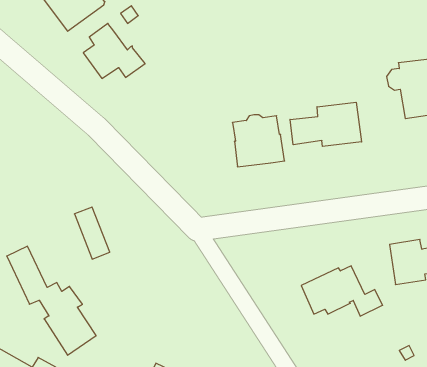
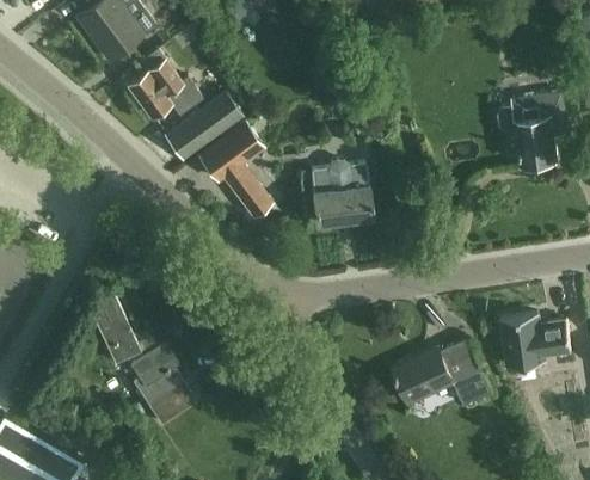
building: none -> [165,92,242,160]
building: none -> [198,122,272,216]
building: [290,102,362,146] -> none
building: [7,246,96,355] -> [87,293,196,425]

